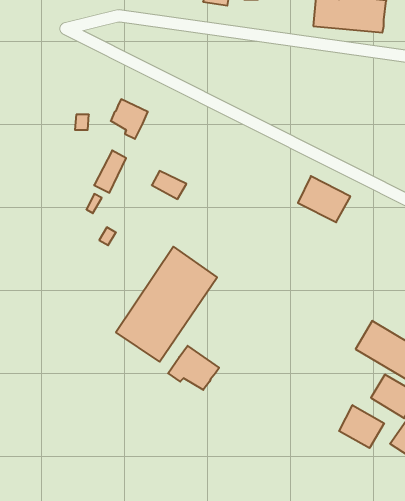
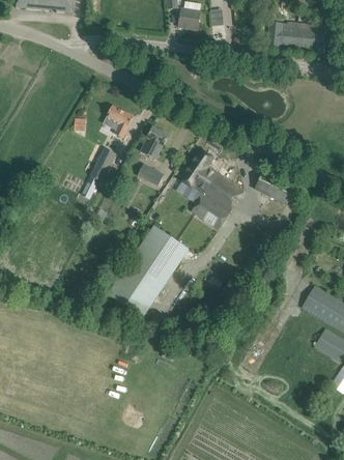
building: none -> [141,125,169,157]
building: none -> [181,148,245,228]
building: [168,346,219,390] -> none
building: [339,405,384,448] -> none

